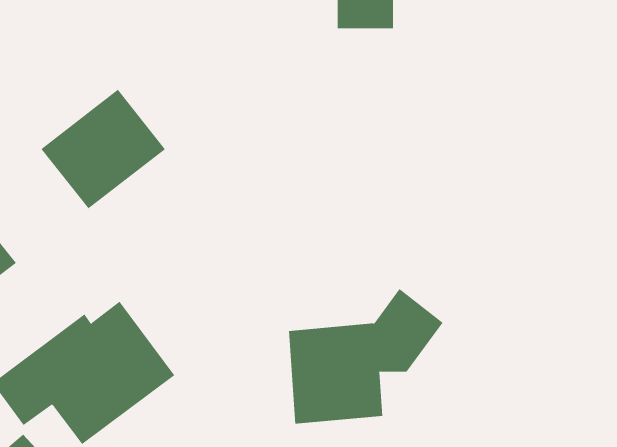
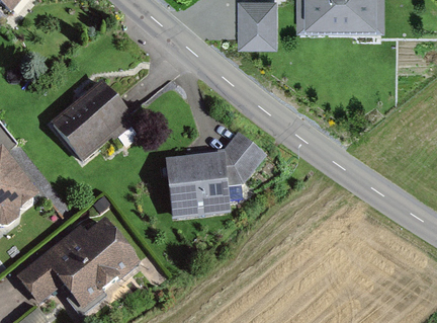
building: [288,288,443,424] -> [166,133,265,220]

